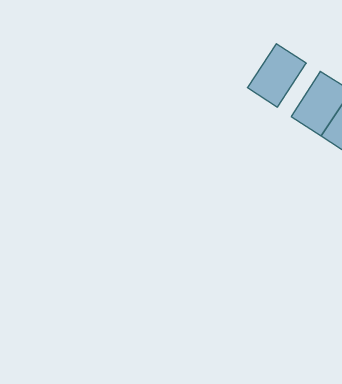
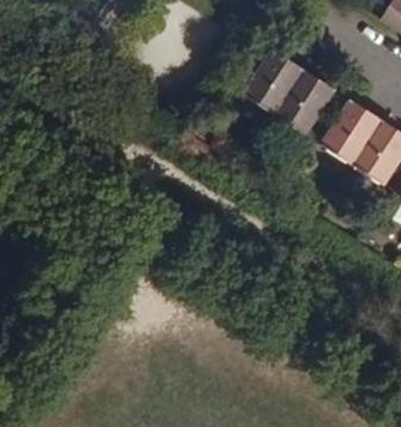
building: none -> [244,50,305,116]

